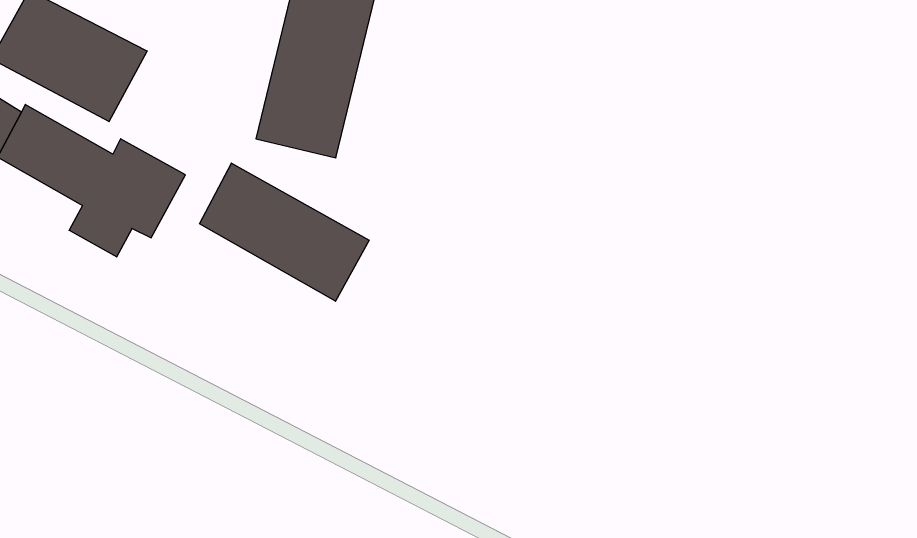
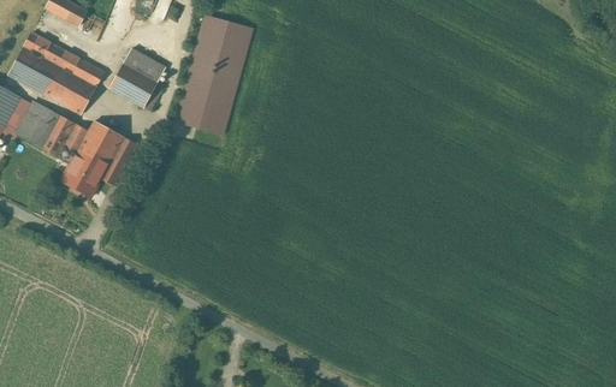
building: none -> [112,47,168,107]
building: [200,163,369,301] -> none

